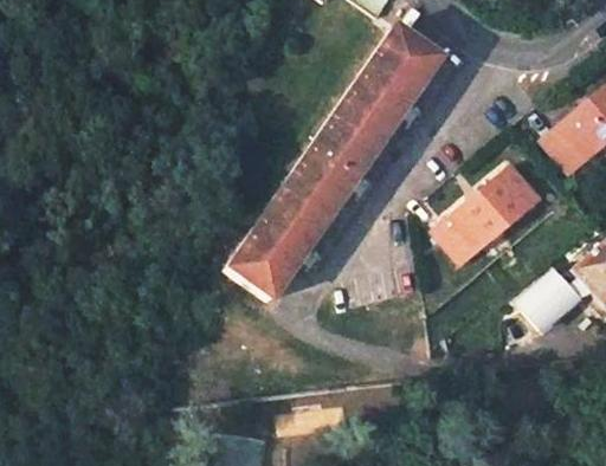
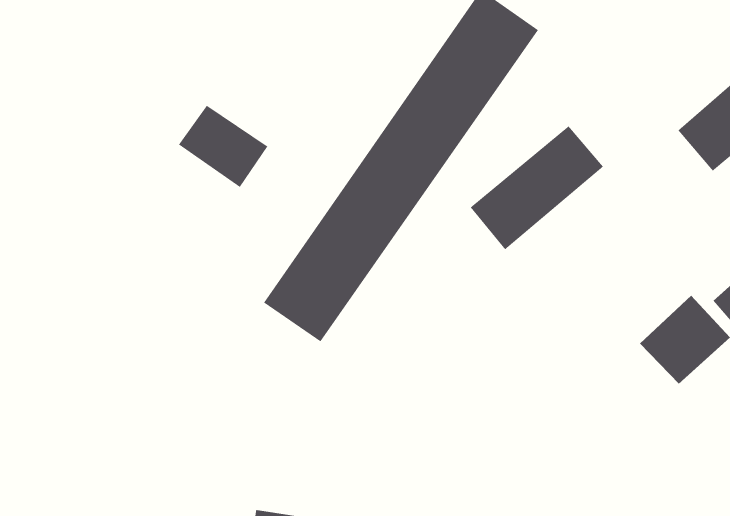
building: none -> [178,105,268,188]
building: [433,167,537,264] -> [470,125,604,250]

